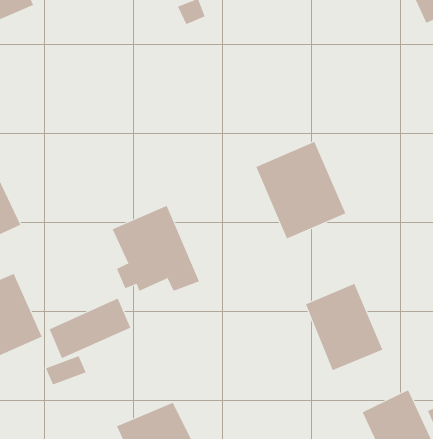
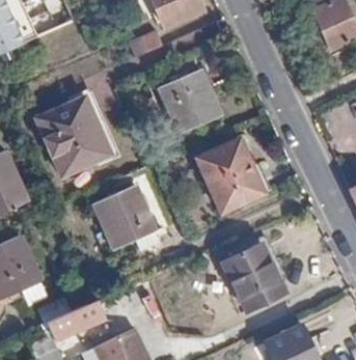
building: none -> [159,66,220,132]
building: none -> [36,96,110,174]
building: [49,298,131,359] -> [30,305,90,350]

